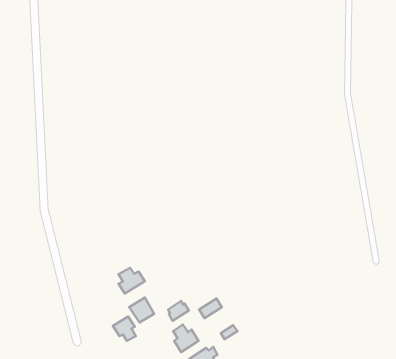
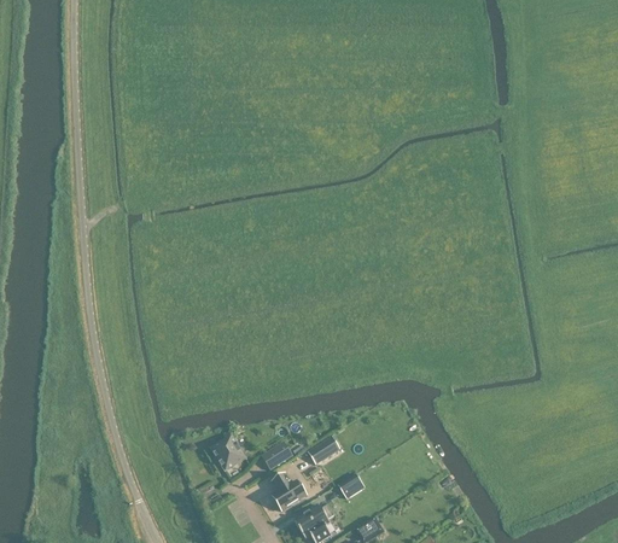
building: [118,268,145,293] -> none
building: [113,316,136,341] -> none

